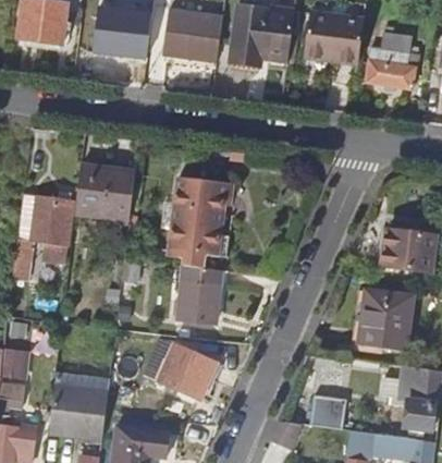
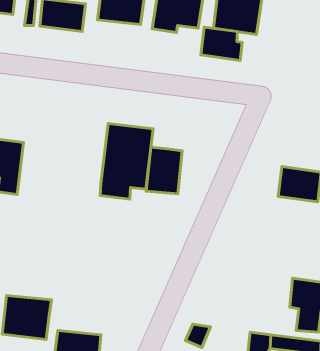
building: [365,49,415,89] -> [201,27,242,60]
building: [74,166,134,218] -> none
building: [177,266,221,322] -> [146,147,182,194]
building: [358,290,410,350] -> none
building: [158,345,216,400] -> none
building: [308,393,345,428] -> none

